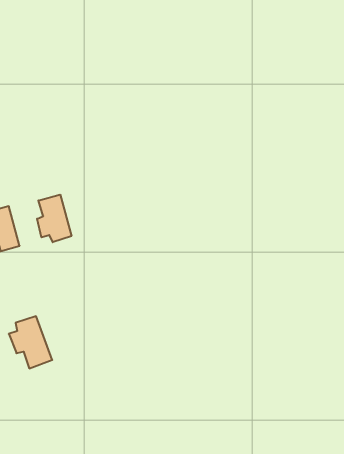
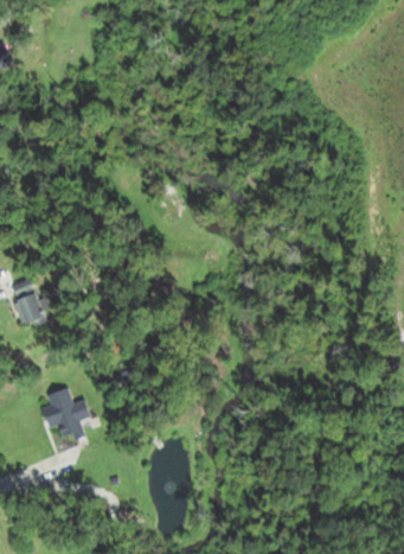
building: [37,195,71,242] -> none

